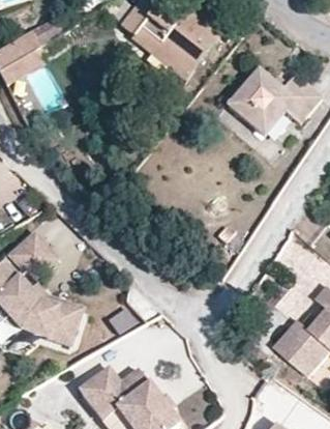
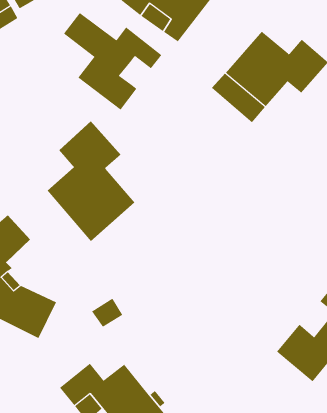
building: none -> [63,12,162,110]
building: none -> [47,121,135,242]

